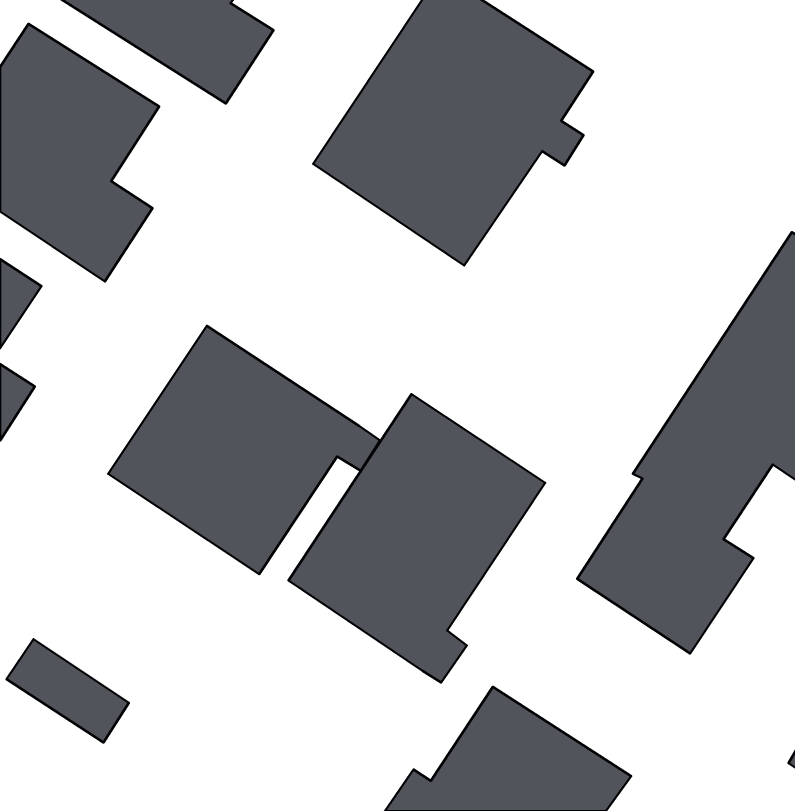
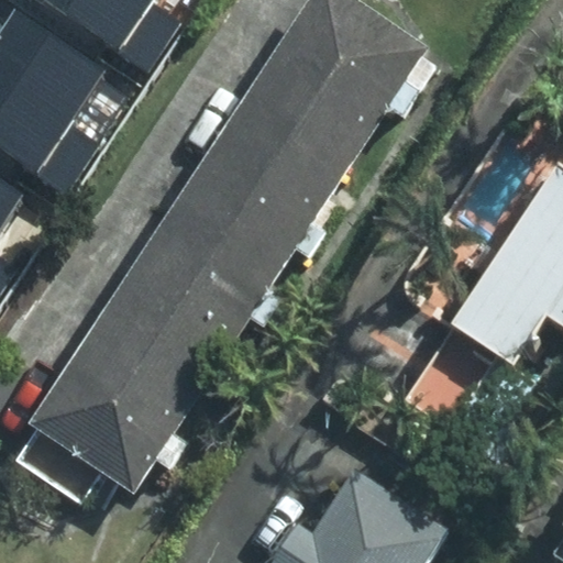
building: none -> [155,113,333,295]
building: [288,394,545,682] -> none
building: none -> [22,328,191,495]

